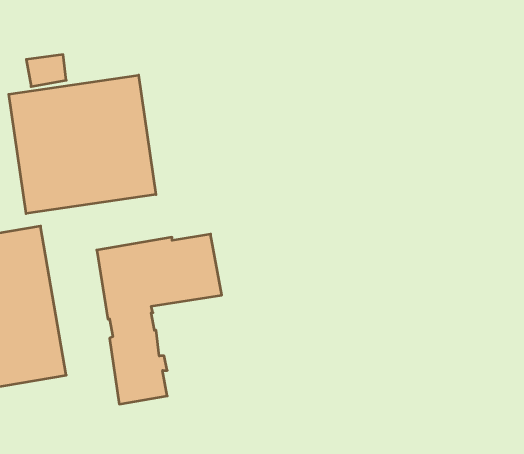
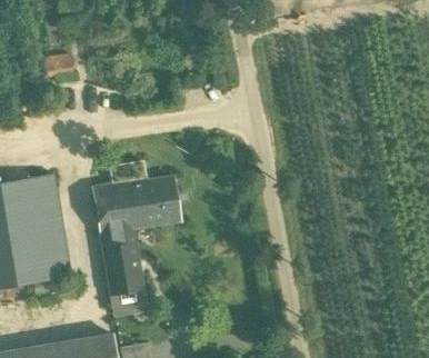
building: [9,75,156,214] -> none

